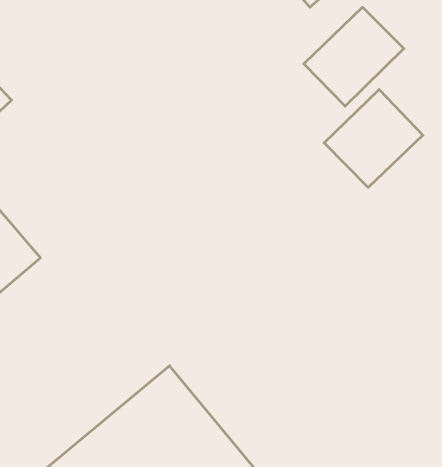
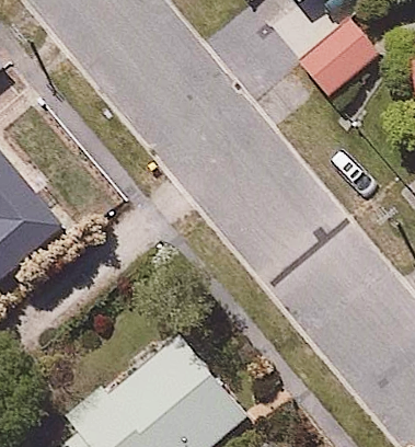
building: [324,89,423,187] -> none

